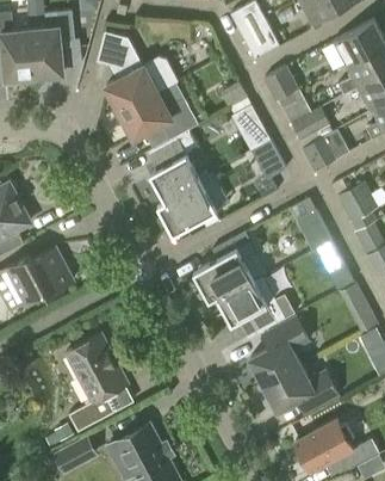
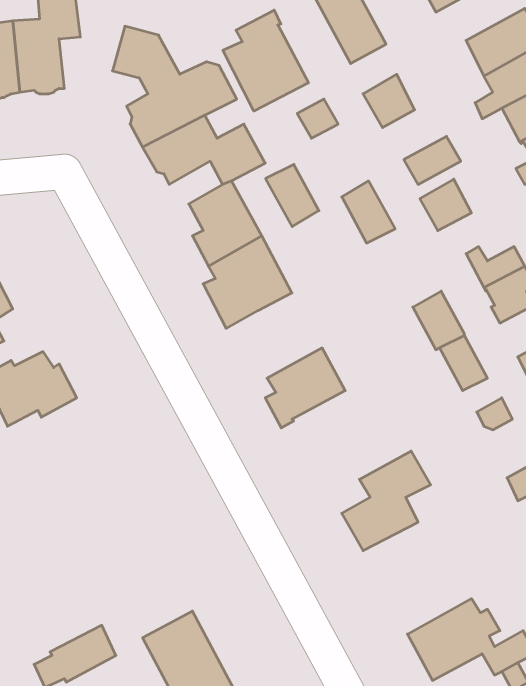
building: none -> [223,10,308,111]
building: [231,106,267,148] -> [266,164,319,227]
building: [216,277,296,340] -> none
building: [66,335,126,433] -> none
building: [263,366,337,415] -> none

